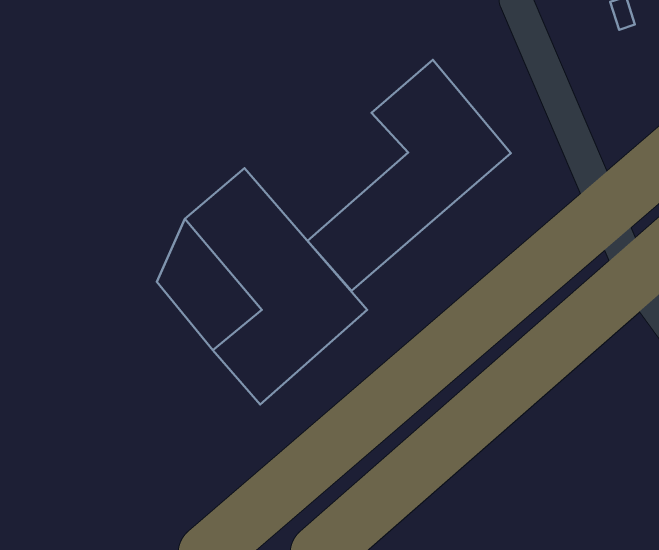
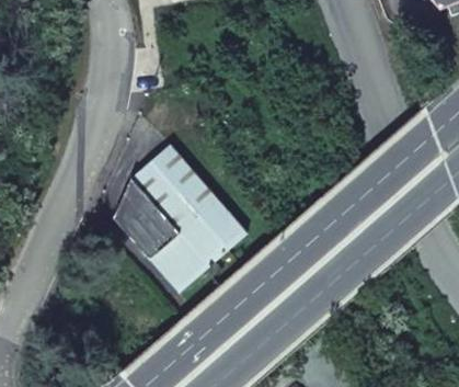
building: [307,60,511,291] -> none

